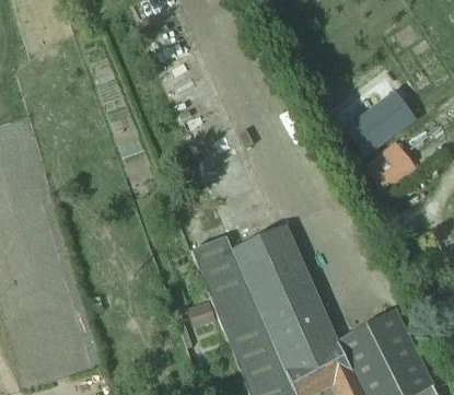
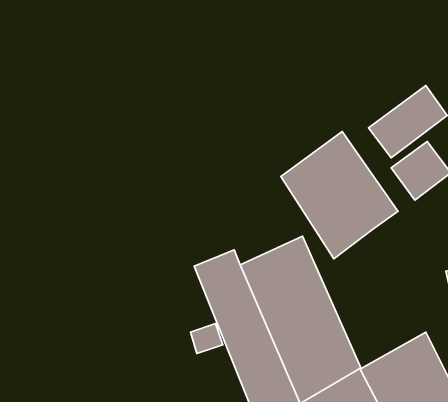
building: none -> [281,131,398,259]

